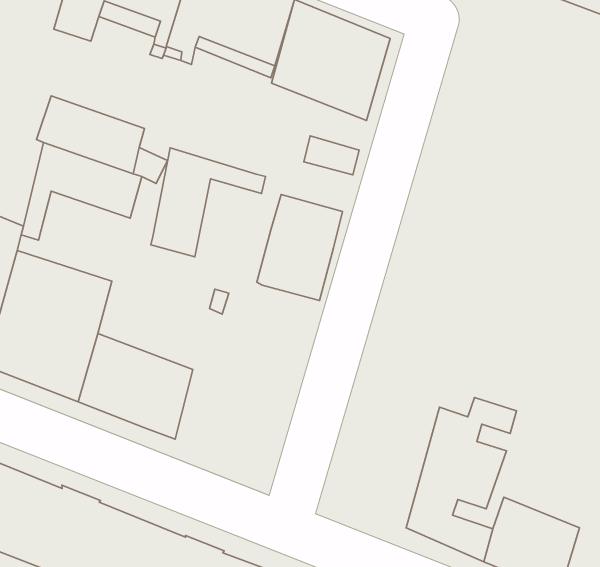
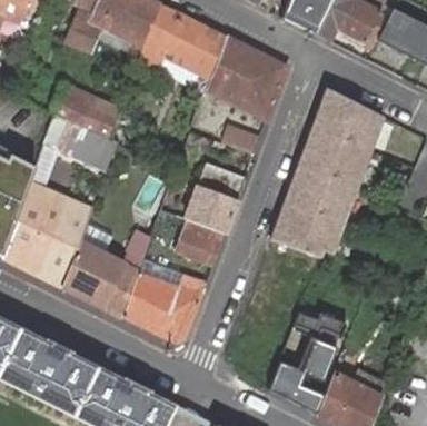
building: none -> [270,88,384,257]
building: [151,148,265,257] -> none
building: none -> [177,220,226,266]
building: none -> [123,271,208,343]

